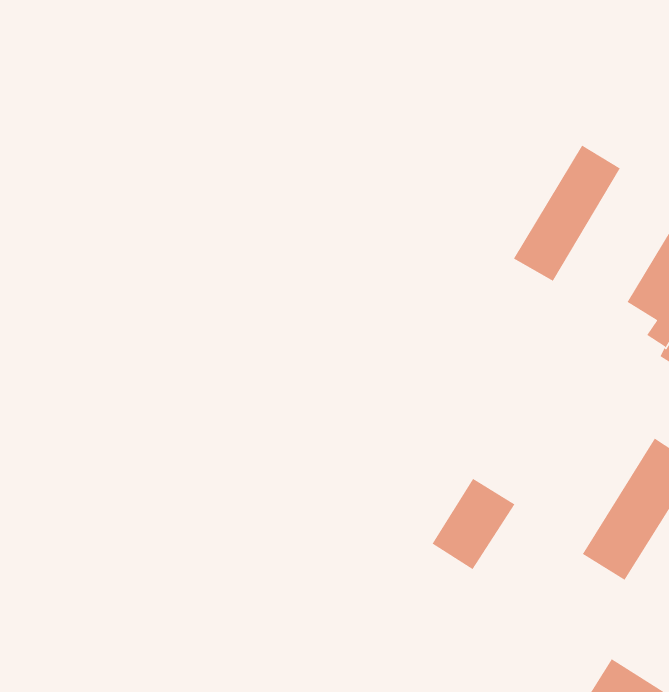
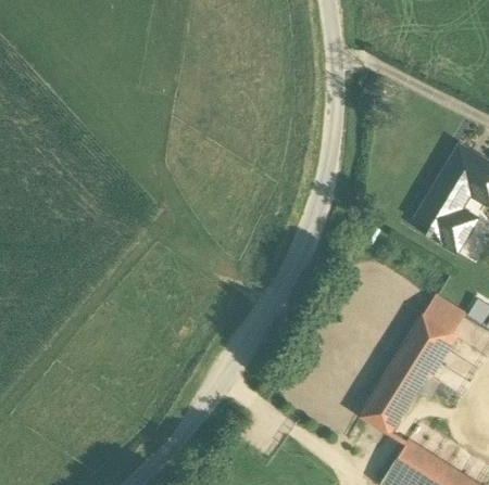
building: [513,145,621,282] -> none
building: [432,478,516,570] -> [361,374,416,435]

